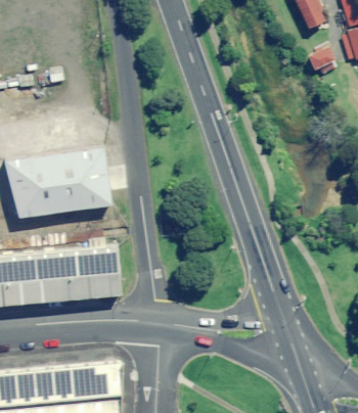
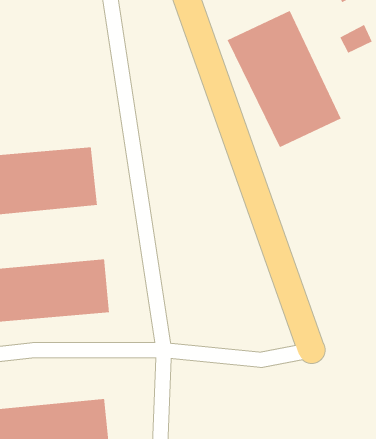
building: none -> [226,10,342,148]

